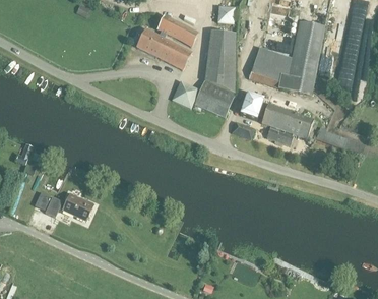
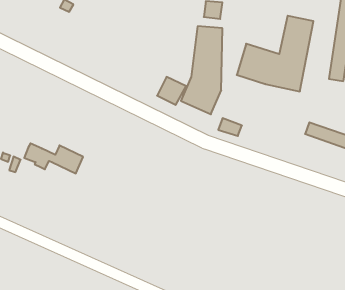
building: [136,14,197,68] -> none
building: [239,93,263,119] -> none
building: [261,103,313,143] -> none
building: [35,190,92,220] -> [24,143,83,173]

